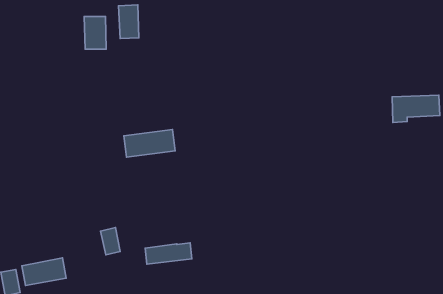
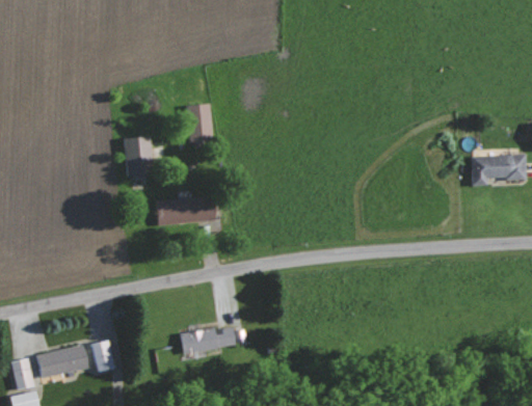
building: [118,5,139,39] -> [188,104,212,143]
building: [84,16,106,49] -> [126,137,152,175]
building: [101,227,120,255] -> [91,340,114,372]

